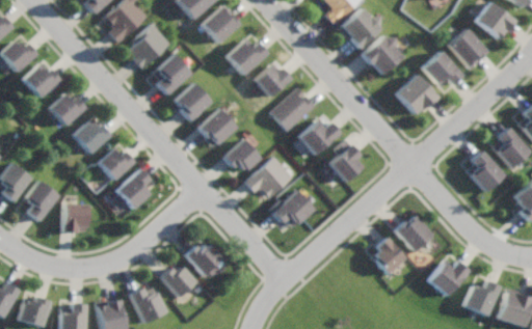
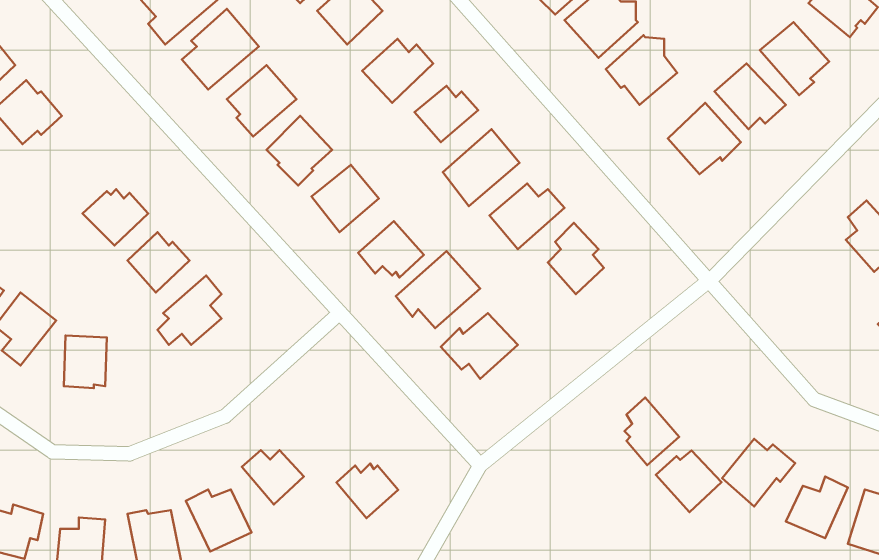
building: [49,92,84,126] -> none
building: [469,152,501,191] -> none
building: [394,218,430,252] -> [656,450,722,512]
building: [186,245,220,275] -> [336,464,398,518]

